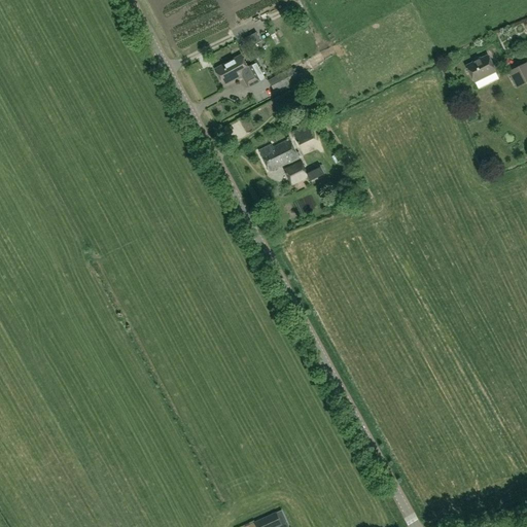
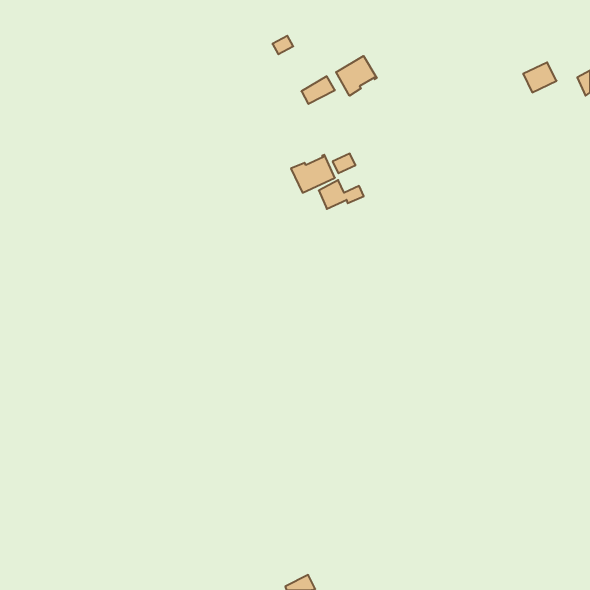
building: none -> [336,56,377,96]
building: [215,56,265,89] -> none

